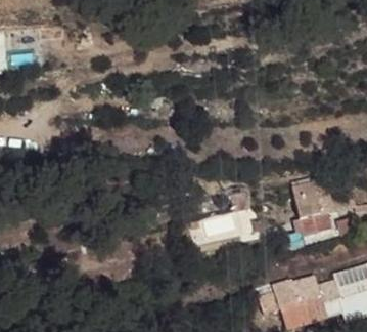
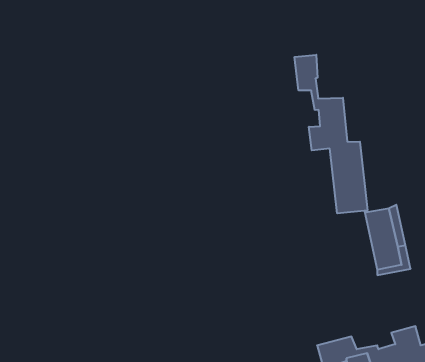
building: none -> [295,55,367,213]

